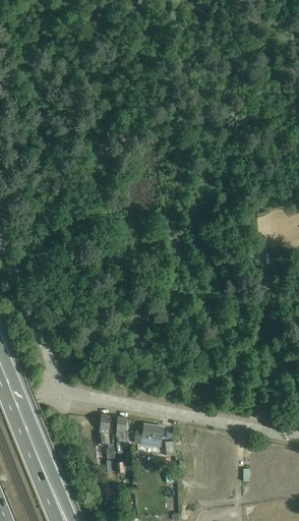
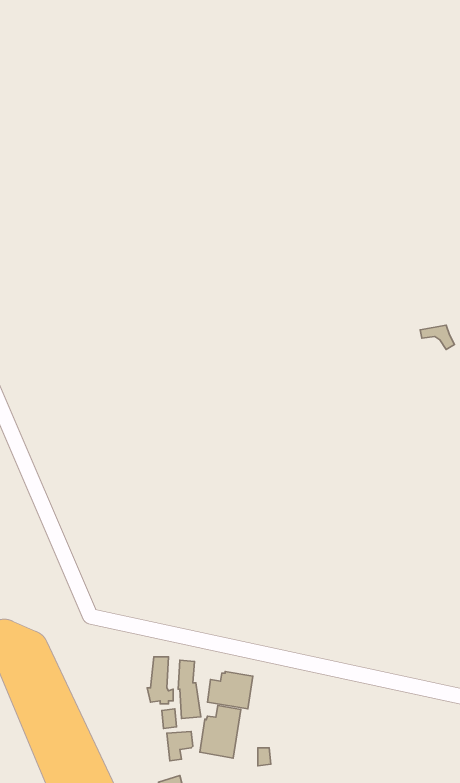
building: none -> [200,705,241,758]

